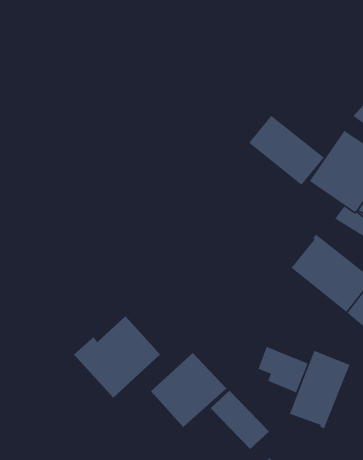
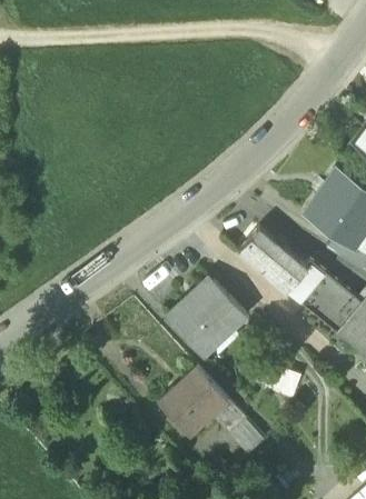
building: [248,115,325,186] -> [236,226,306,290]
building: [73,315,161,399] -> [166,279,246,355]
building: [289,350,350,429] -> none

